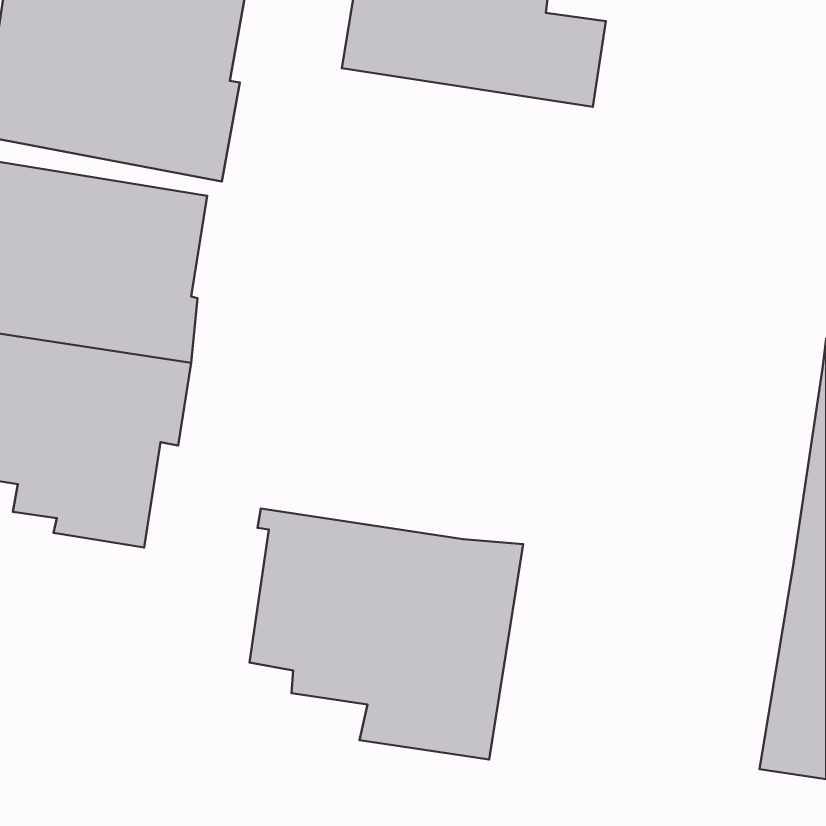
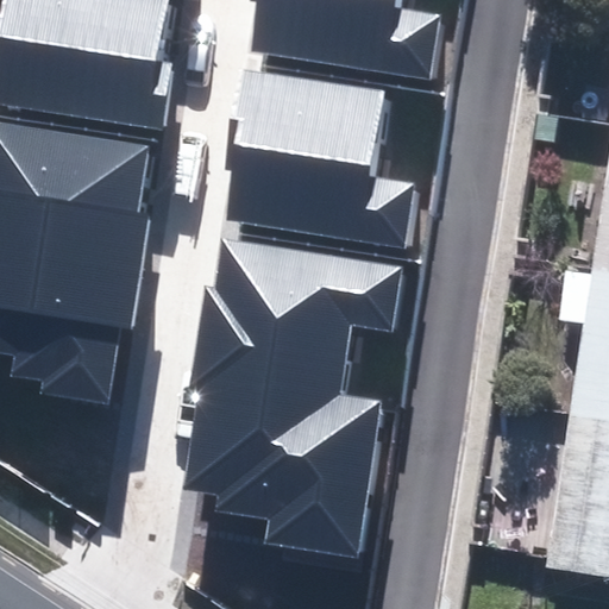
building: none -> [225,71,417,246]
building: none -> [192,238,403,396]

